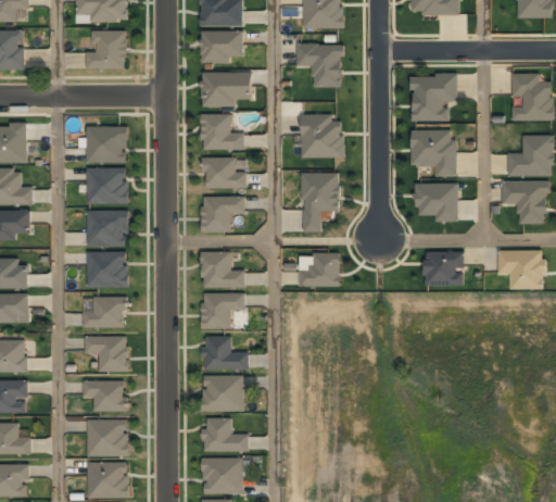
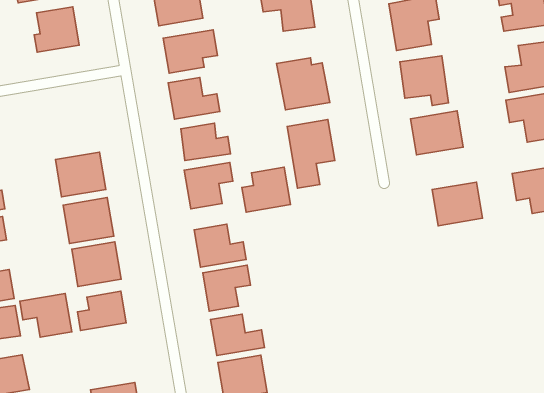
building: [86,126,127,162] -> none
building: [299,251,340,286] -> [242,167,290,212]
building: [85,336,127,372] -> [20,293,72,337]

